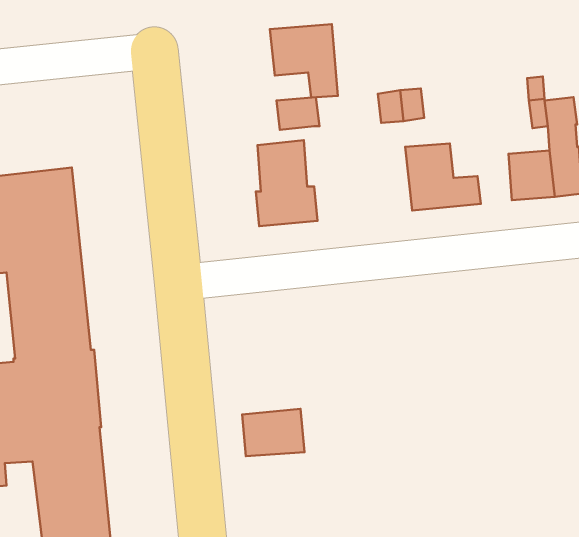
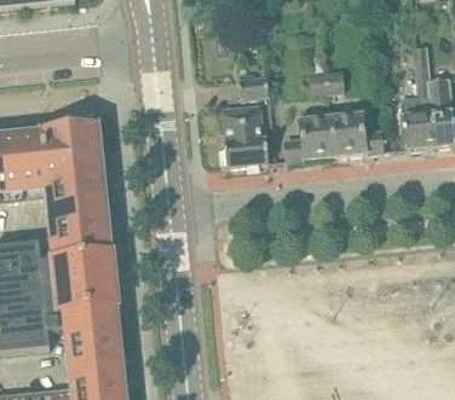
building: [270,24,338,97] -> none
building: none -> [286,109,335,158]
building: [242,409,304,456] -> none

